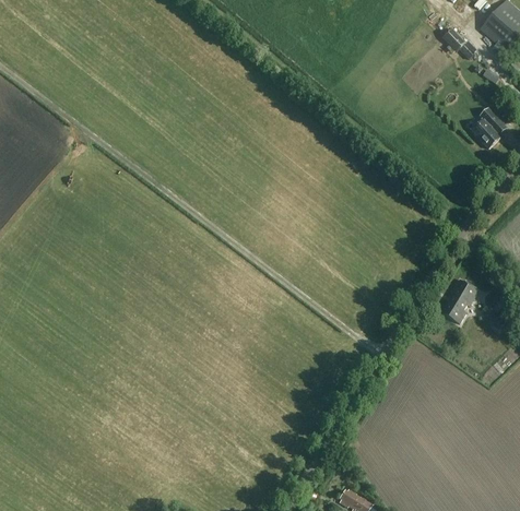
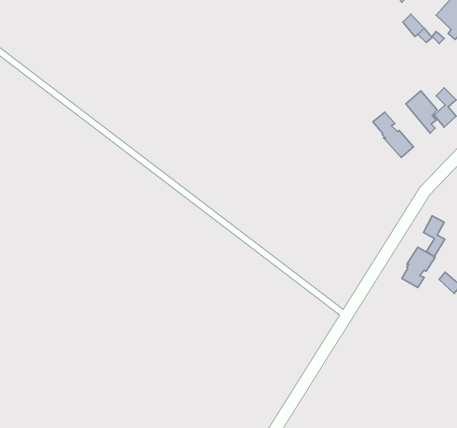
building: none -> [373,112,414,158]
building: none -> [424,216,445,257]

